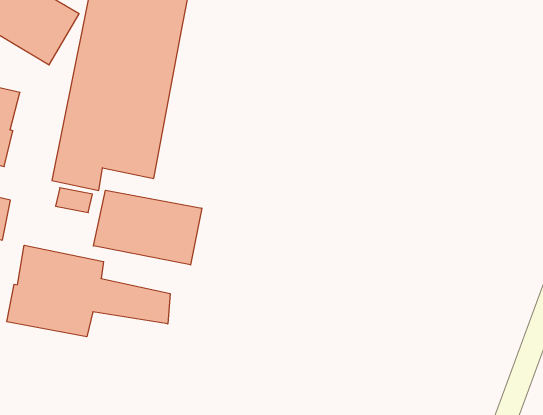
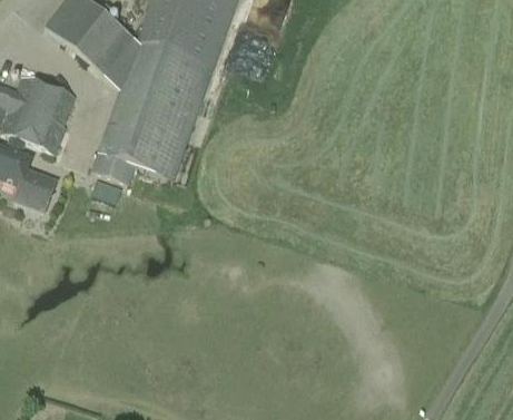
building: [93,190,202,265] -> none
building: [7,245,170,337] -> none

